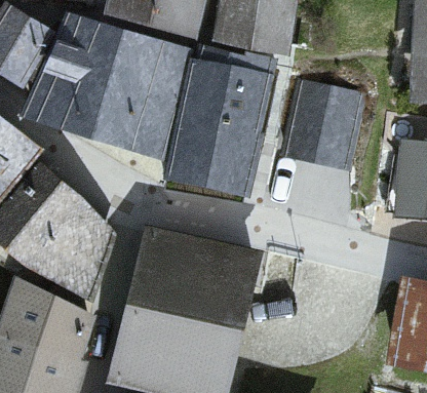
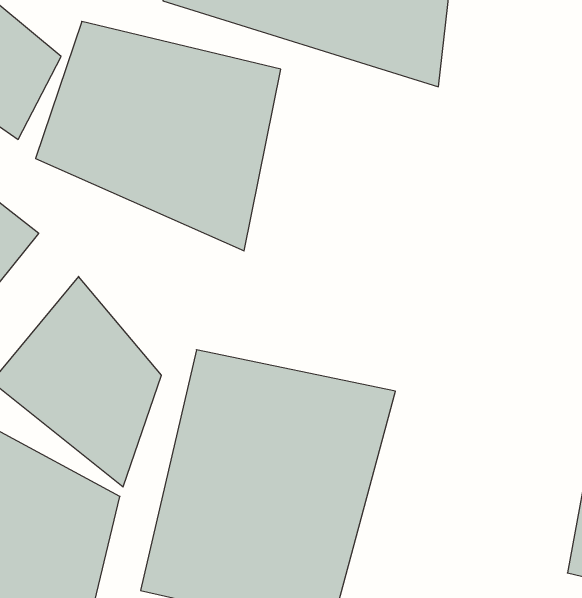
building: [178,58,281,195] -> none
building: [279,79,359,161] -> none

